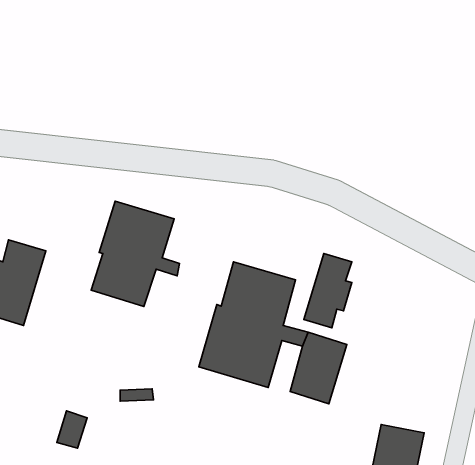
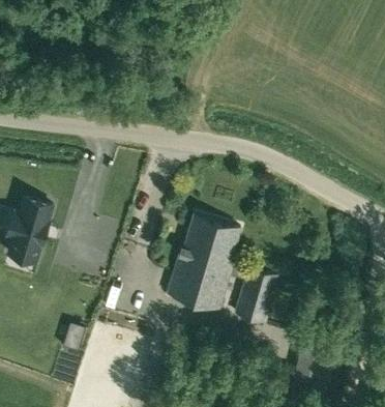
building: [91,201,179,307] -> none
building: [304,253,352,328] -> none

